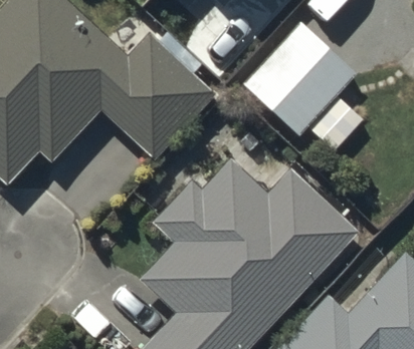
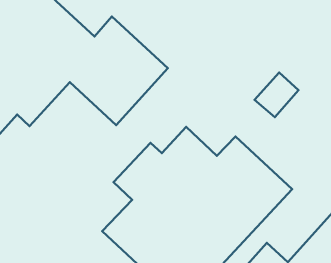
building: [244,24,356,135] -> none

